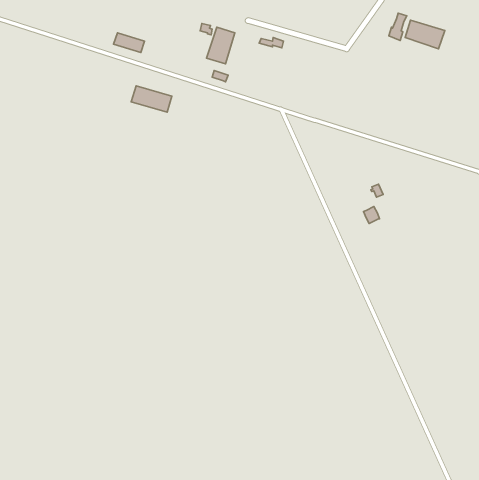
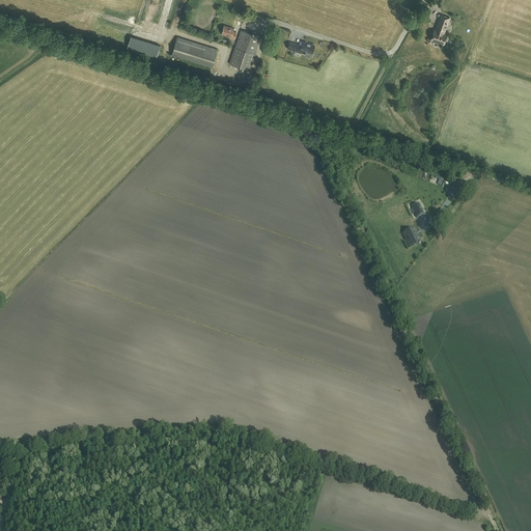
building: [405,20,445,49] -> none
building: [131,86,172,112] -> [171,37,216,66]

